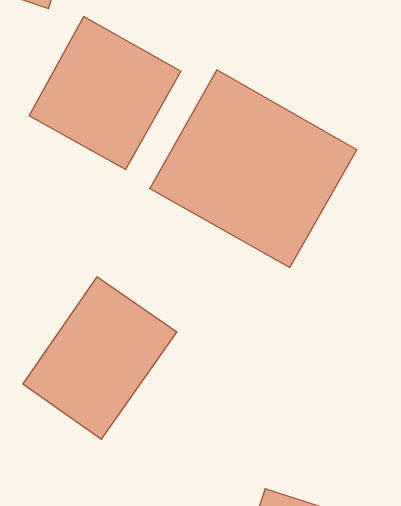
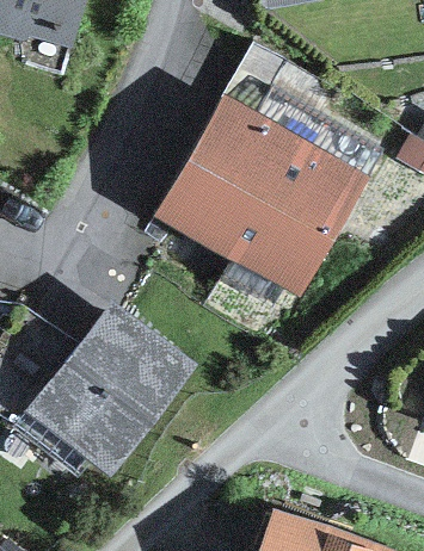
building: [29,16,181,170] -> none

